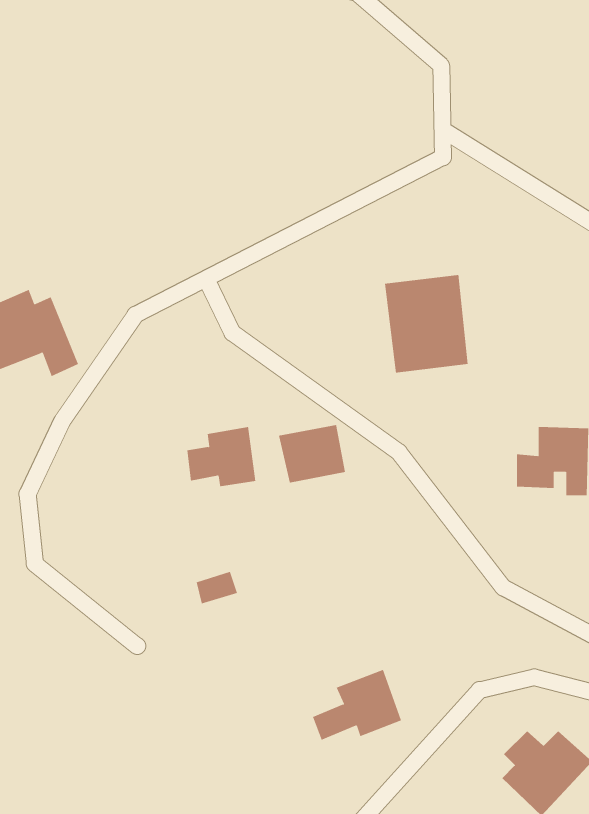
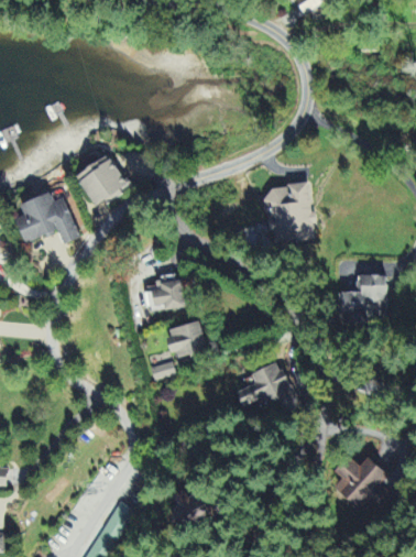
building: none -> [76,156,127,207]
building: [278,425,346,483] -> [166,323,207,358]
building: [312,669,402,741] -> [237,362,291,405]

